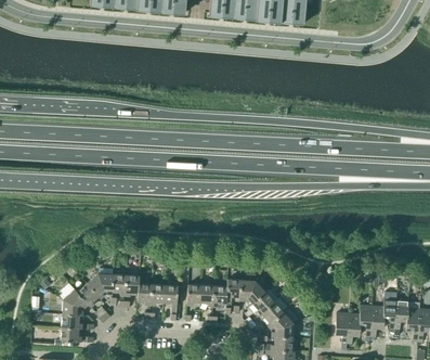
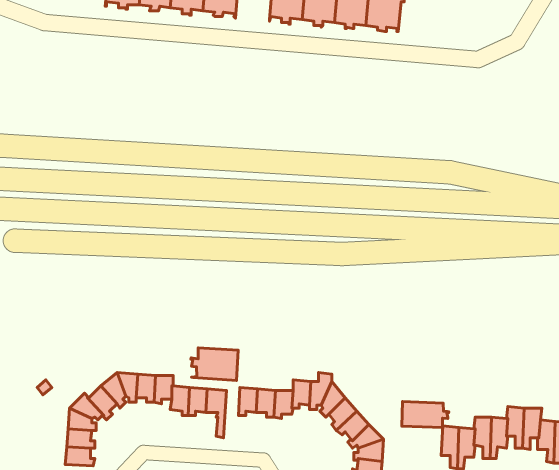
building: none -> [191,348,238,380]
building: none -> [402,402,449,427]

